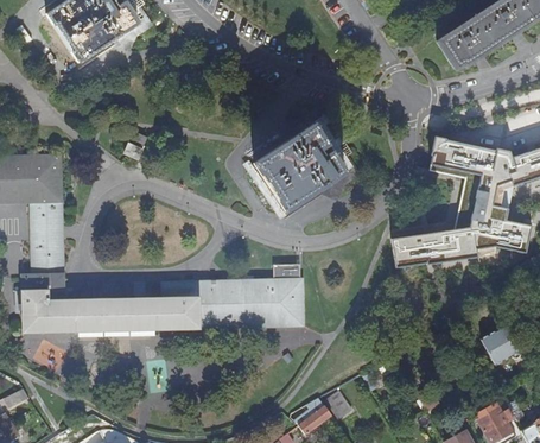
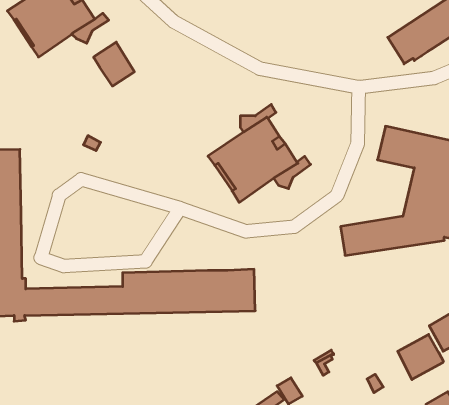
building: none -> [94,42,134,86]
building: [273,261,300,281] -> none
building: none -> [398,334,443,380]

